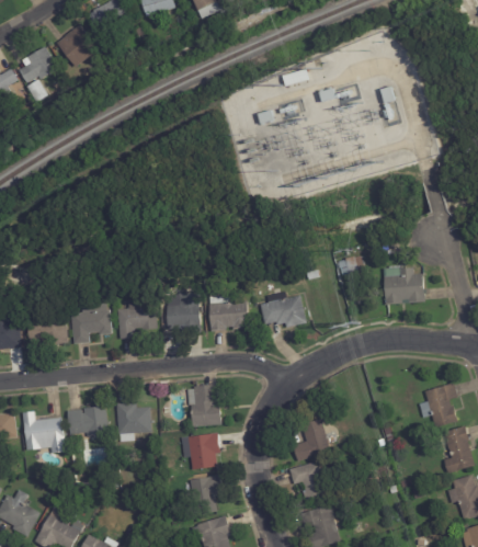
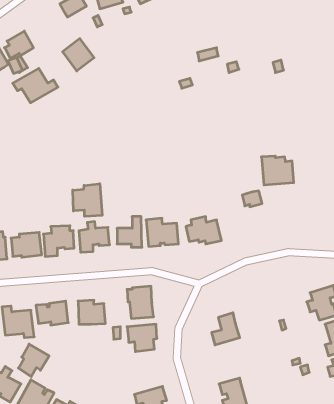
building: [56,25,98,68] -> [63,39,94,71]
building: none -> [13,68,58,103]
building: none -> [73,184,102,216]
building: [379,269,422,307] -> [261,156,294,185]
building: none -> [18,344,49,377]
building: [291,461,330,504] -> none
building: [191,475,226,515] -> none

